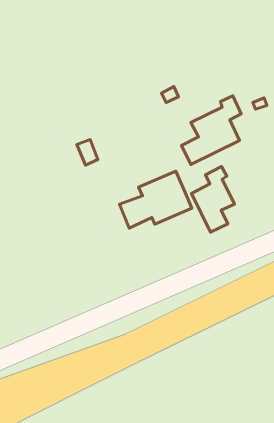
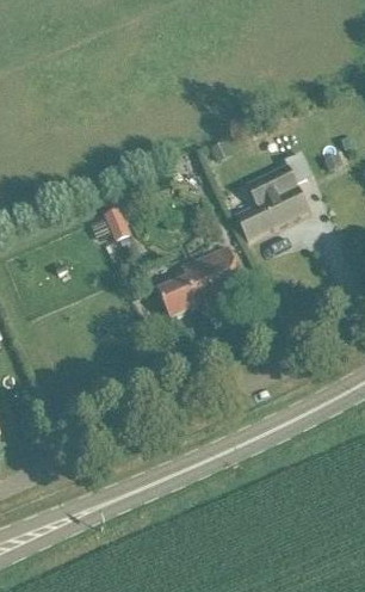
building: [191,167,234,232] -> none

